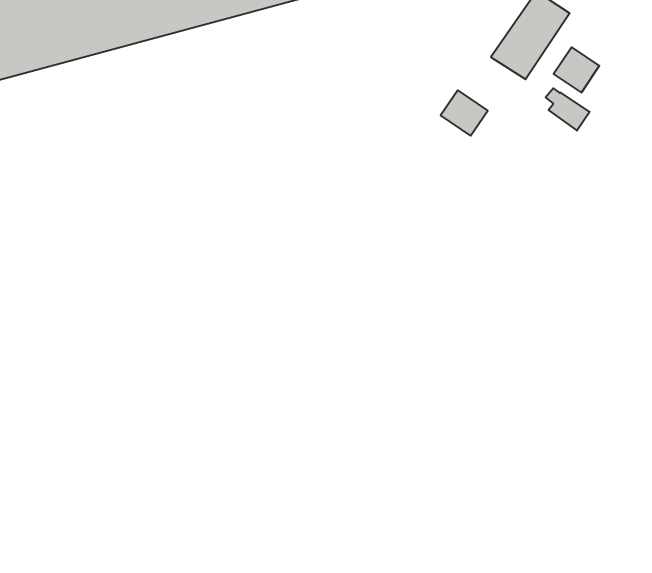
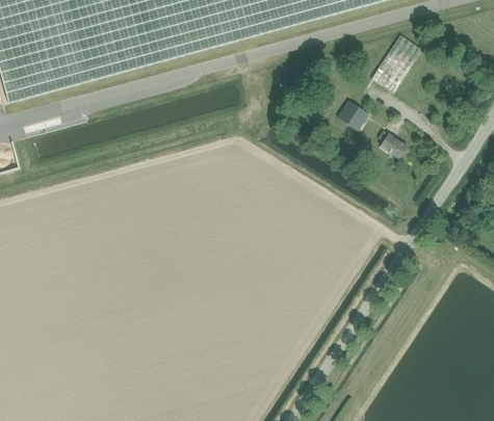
building: [554,47,599,93] -> none
building: [546,88,590,131] -> [376,129,406,157]

